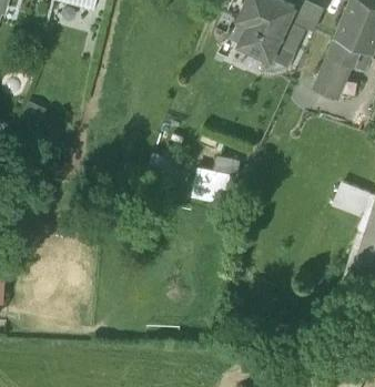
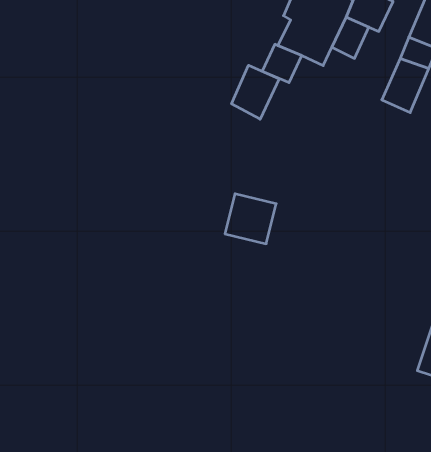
building: none -> [232,65,279,119]

